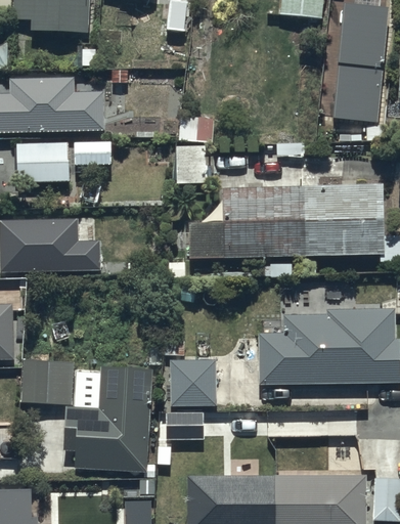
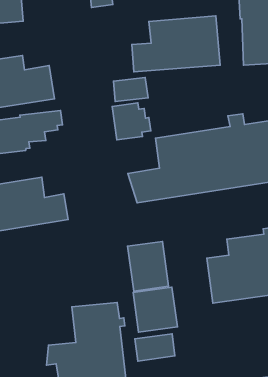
building: none -> [132,16,220,72]
building: none -> [128,241,169,291]
building: [20,362,72,404] -> none

